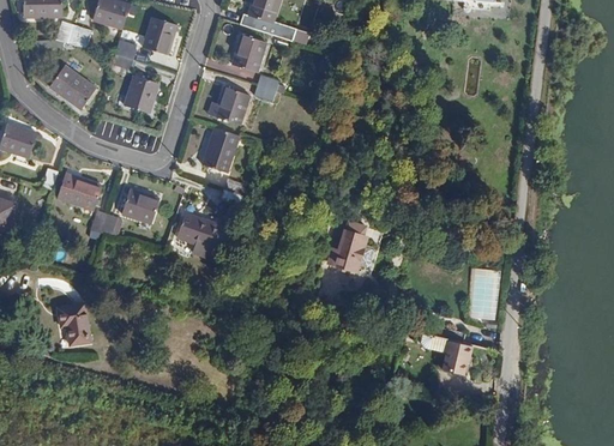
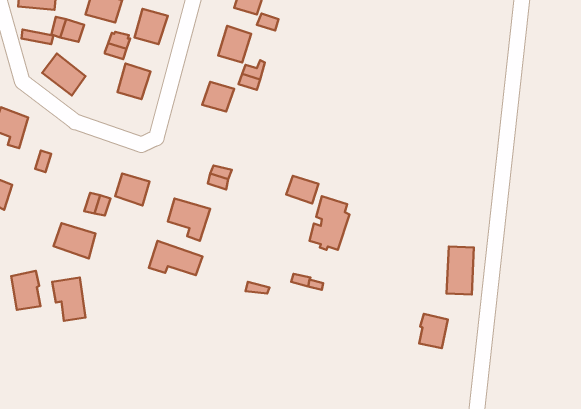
building: [201,129,237,174] -> none
building: [54,171,98,209] -> [53,223,96,259]
building: none -> [286,176,319,204]
building: none -> [149,241,202,275]
building: none -> [11,271,40,310]

